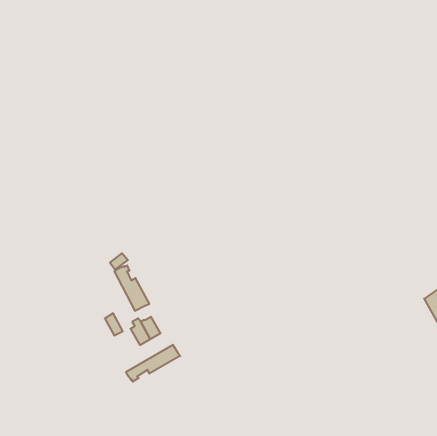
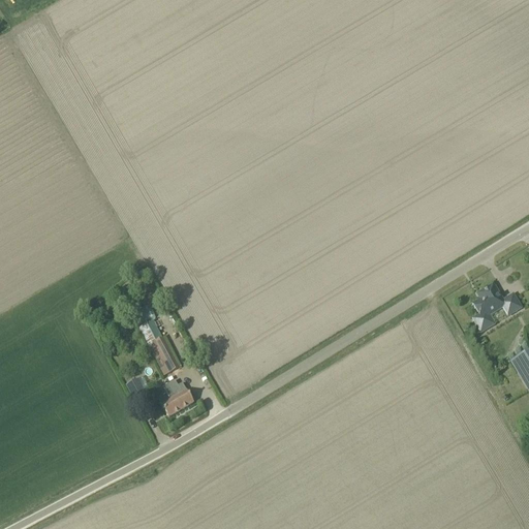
building: none -> [474,282,523,331]
building: [126,345,180,382] -> none

